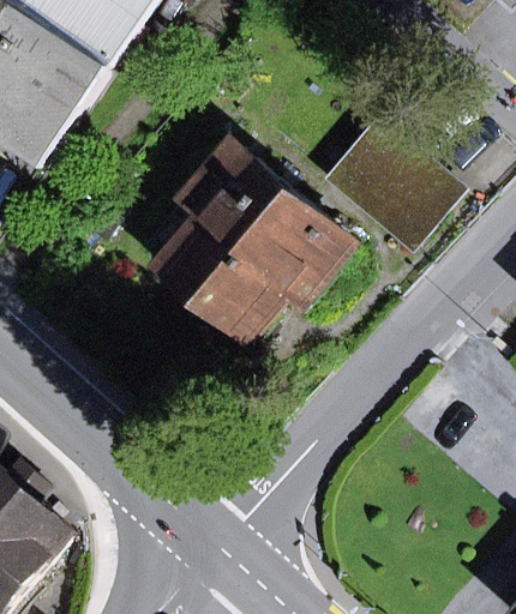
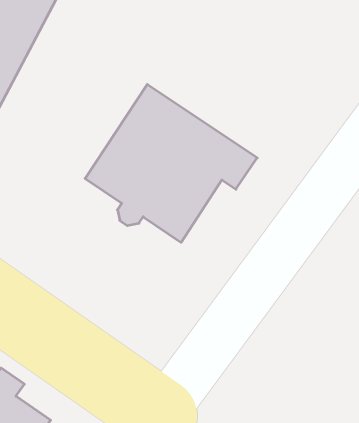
building: [329,120,462,249] -> none

